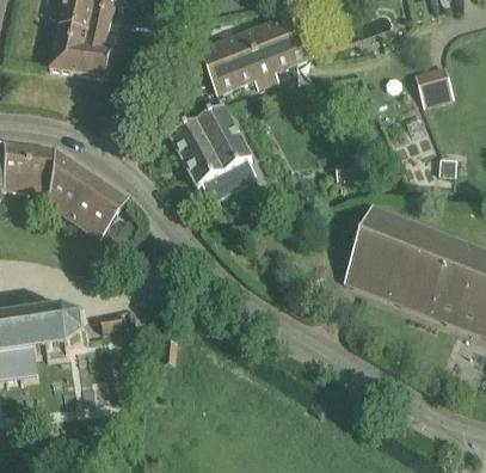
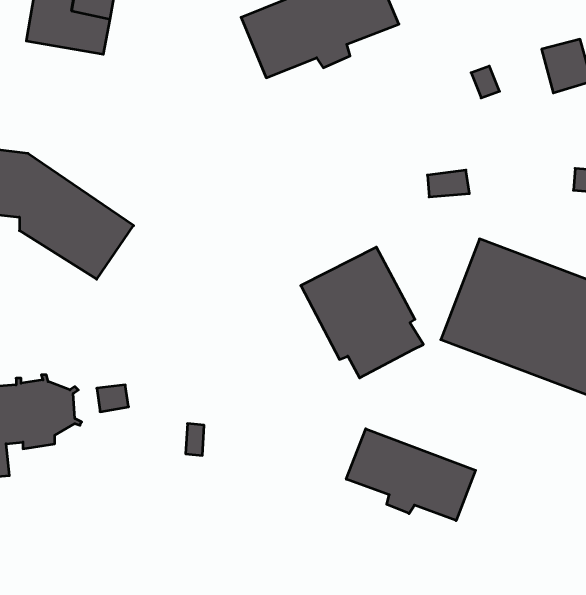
building: [170,105,257,198] -> [301,247,423,378]
building: none -> [346,429,476,521]

